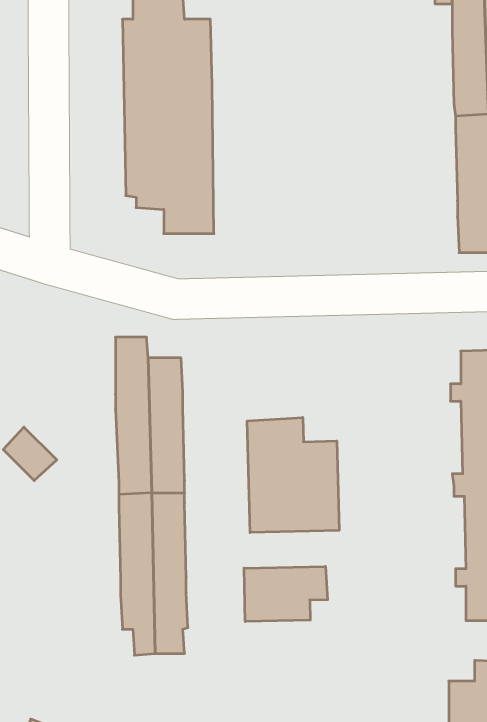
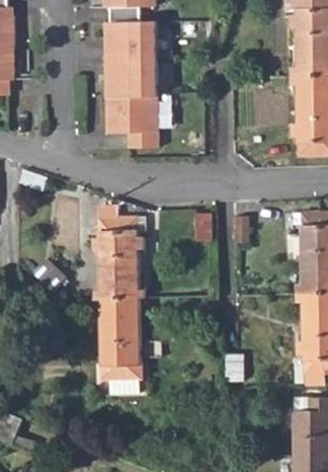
building: [247,417,339,533] -> none
building: [244,566,328,622] -> none

